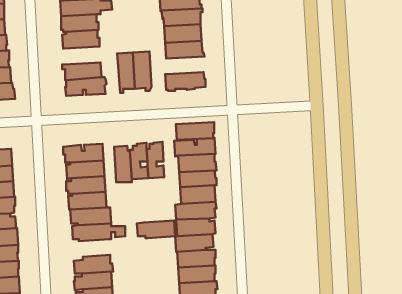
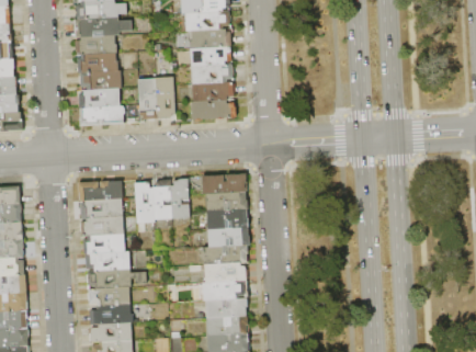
building: none -> [78,70,122,91]
building: [176,122,214,140] -> [192,82,235,102]
building: [137,220,175,238] -> [87,286,129,306]

